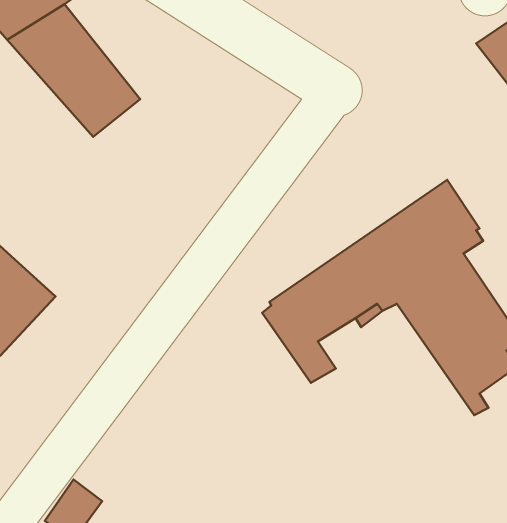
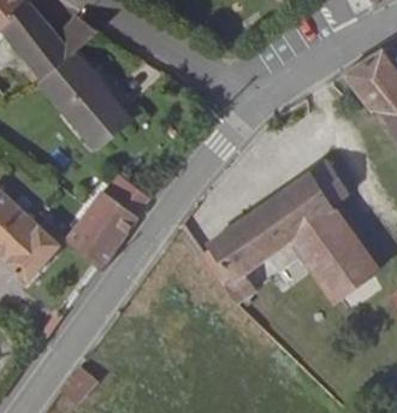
building: none -> [67,175,149,266]

